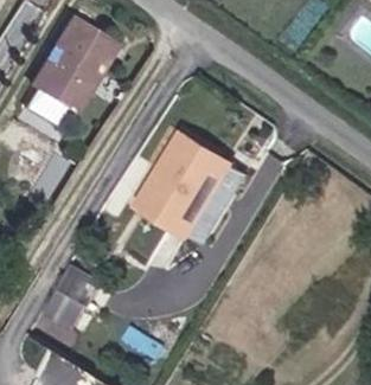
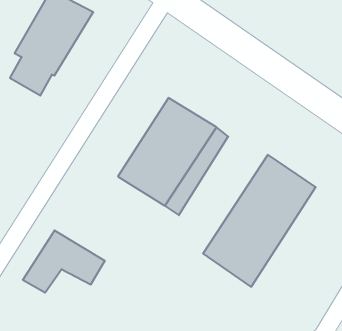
building: none -> [203,155,316,287]

